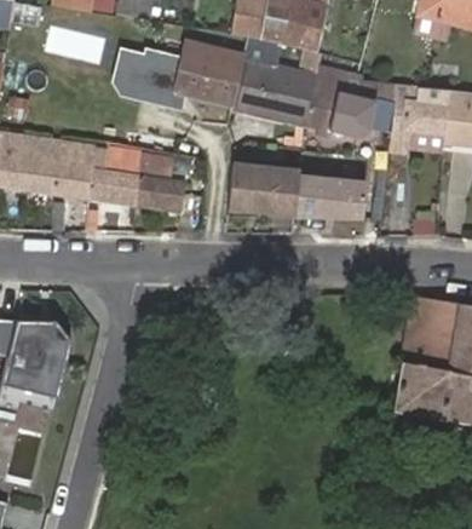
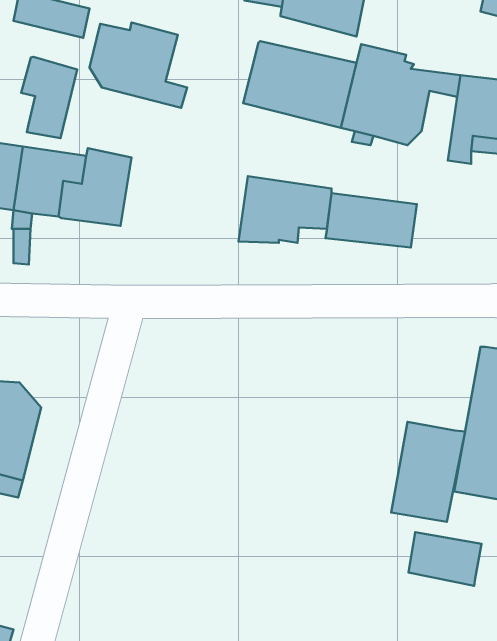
building: [169,35,244,107] -> none
building: none -> [21,57,77,138]
building: [134,149,184,208] -> none
building: none -> [391,422,465,522]
building: none -> [409,532,481,586]

